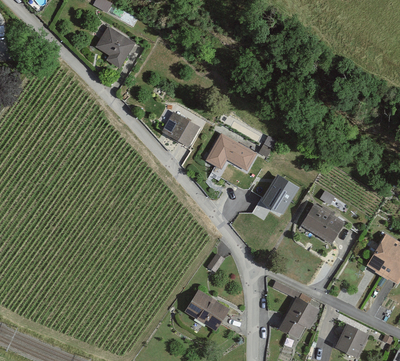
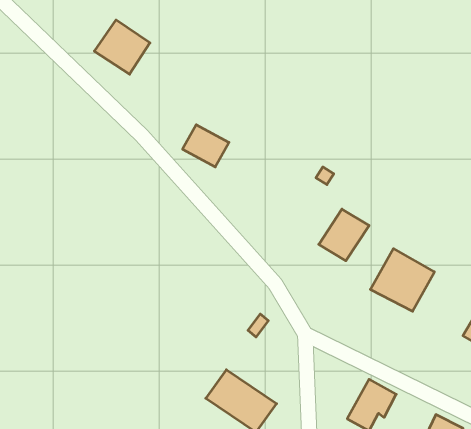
building: [207,132,255,167] -> none

